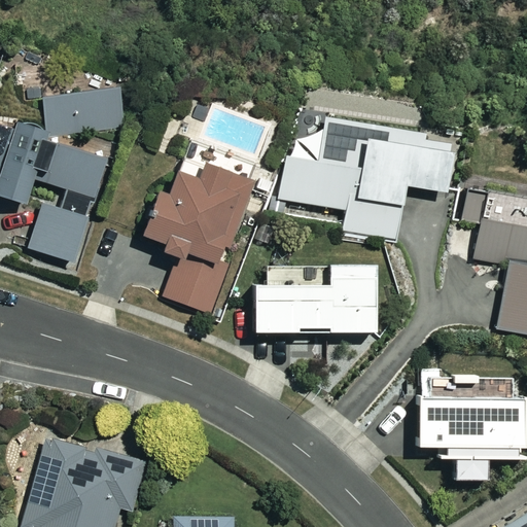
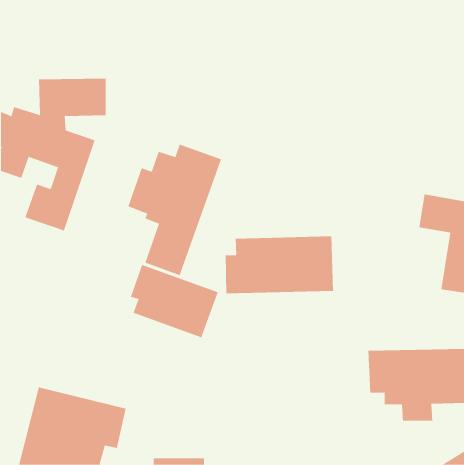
building: [280,117,454,240] -> none
building: none -> [130,264,218,338]

